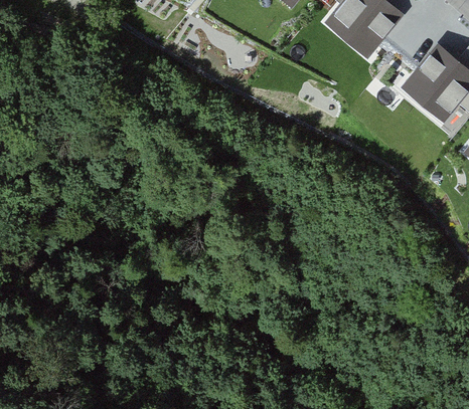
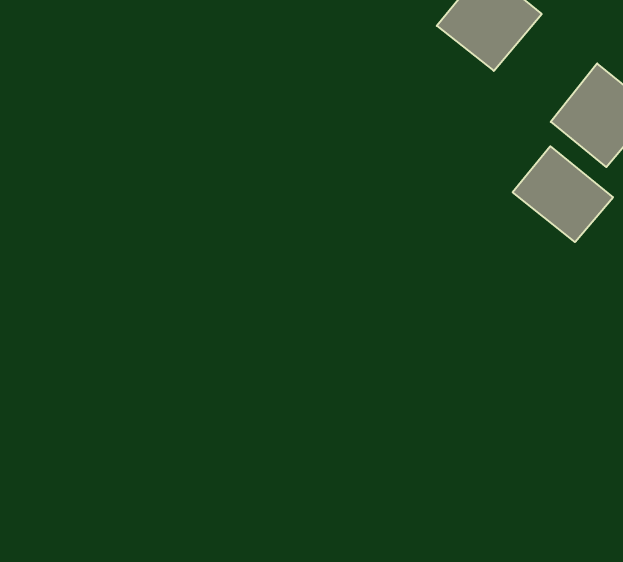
building: none -> [513,146,613,242]

